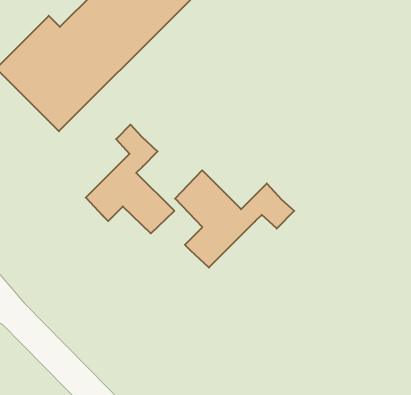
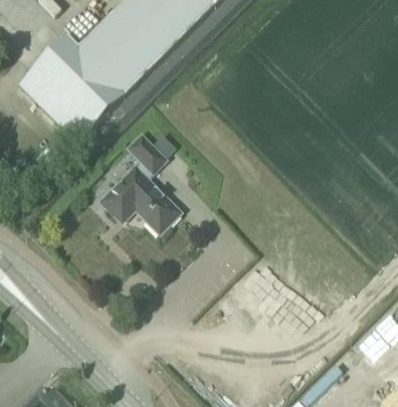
building: [175,170,294,268] -> none

